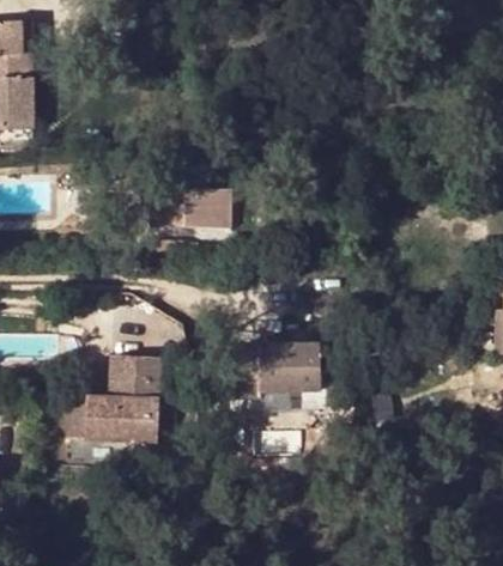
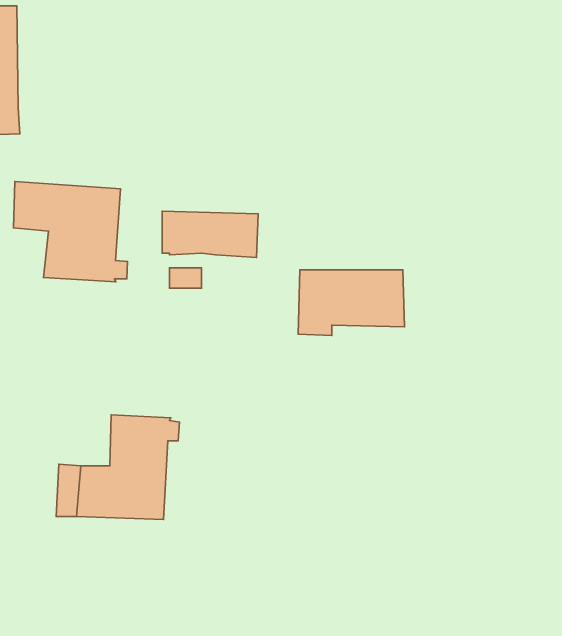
building: none -> [13,181,128,282]
building: [231,351,319,404] -> [298,270,404,335]

